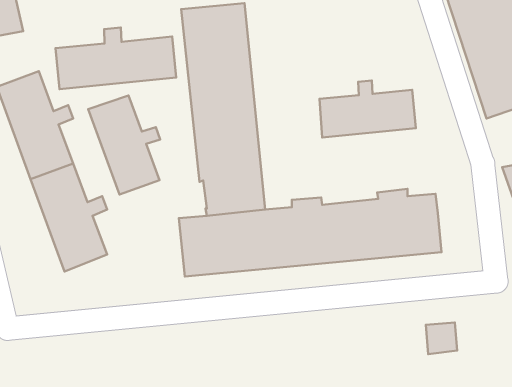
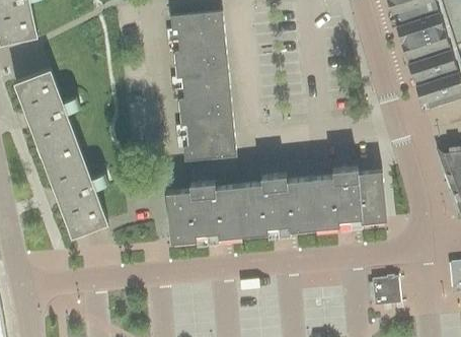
building: [55,27,176,89] -> none
building: [319,80,416,137] -> none
building: [88,96,160,195] -> none

